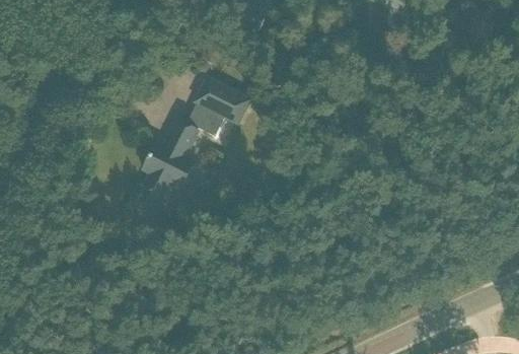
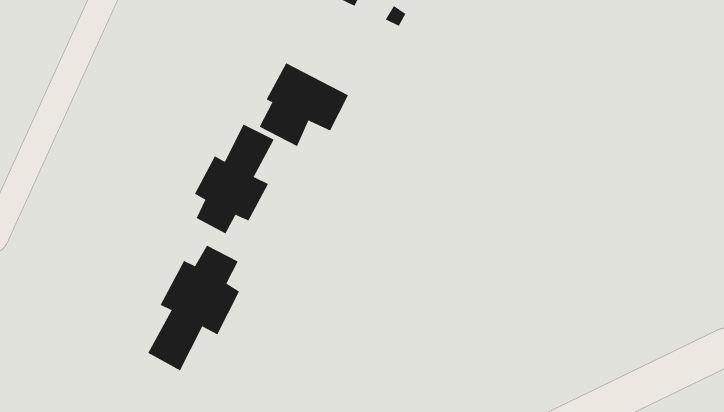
building: none -> [148,245,240,371]

